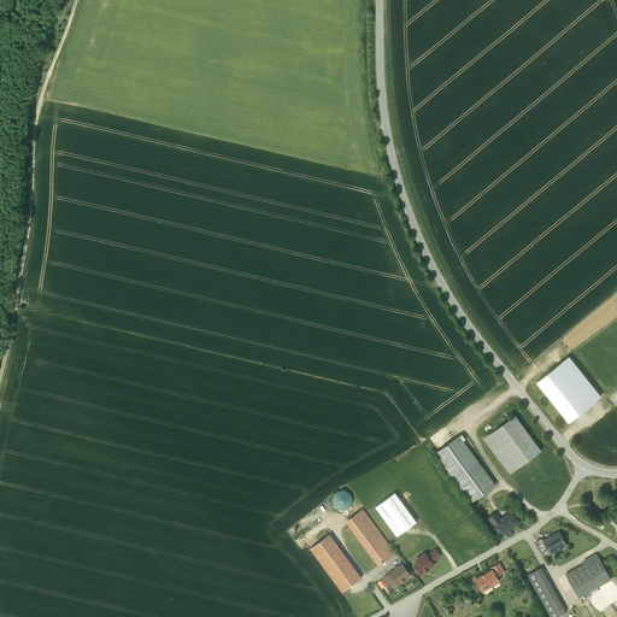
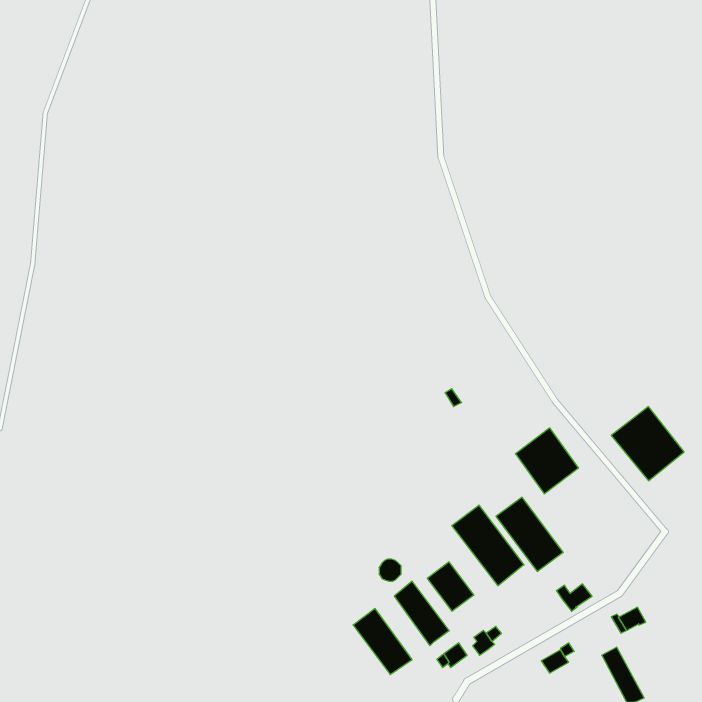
building: [484,416,540,474] -> [515,428,579,494]
building: none -> [452,505,524,586]
building: [565,554,610,597] -> none

